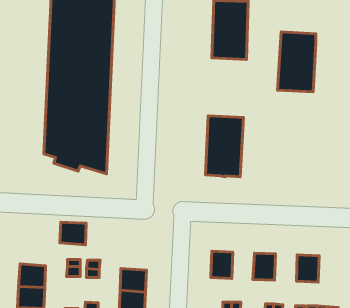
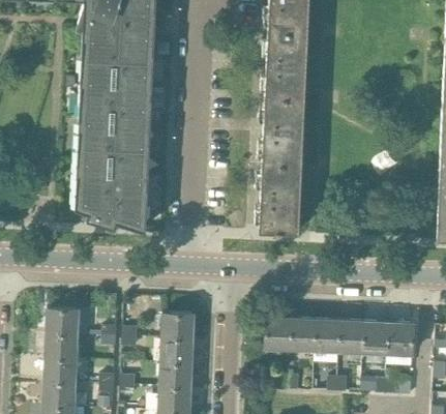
building: [278,32,316,92] -> [262,98,305,167]
building: [60,222,86,245] -> [48,309,78,335]
building: none -> [162,315,192,341]
building: none -> [289,320,315,351]
building: none -> [337,322,363,353]
building: none -> [387,324,413,355]

